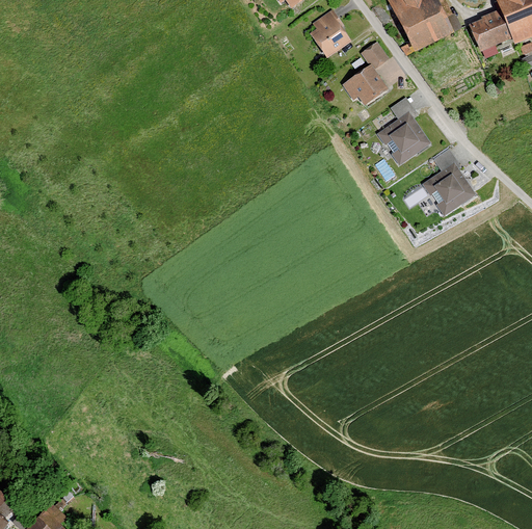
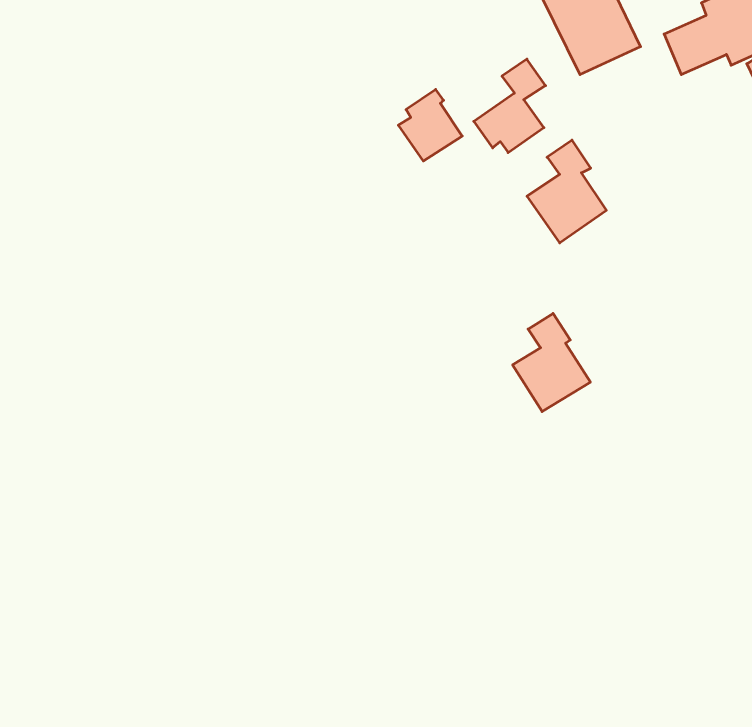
building: [309,9,351,57] -> [398,89,462,161]
building: [424,149,476,214] -> [513,313,590,412]

